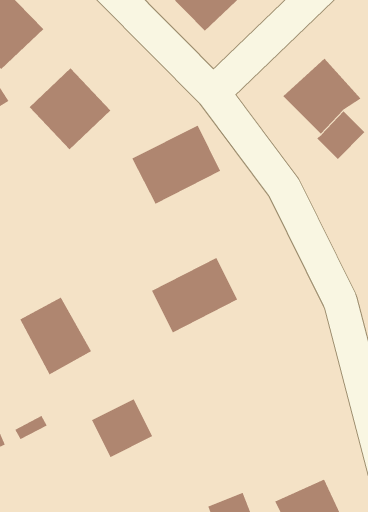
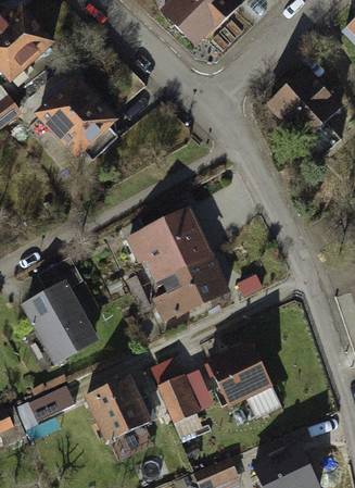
building: [131,124,221,205] -> [126,208,207,280]
building: none -> [208,342,274,406]
building: none -> [166,374,212,416]

